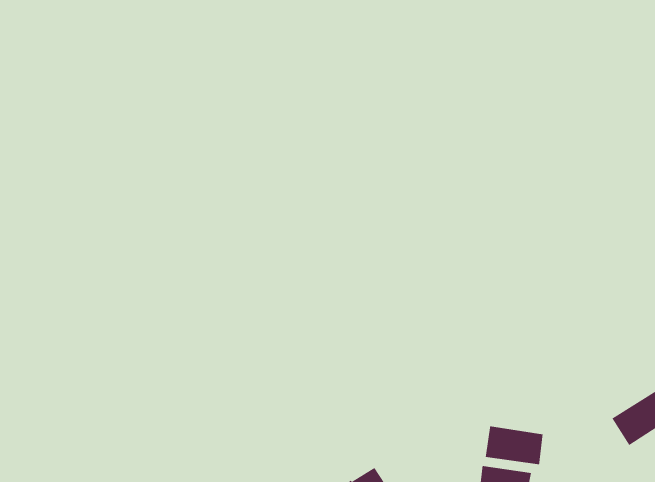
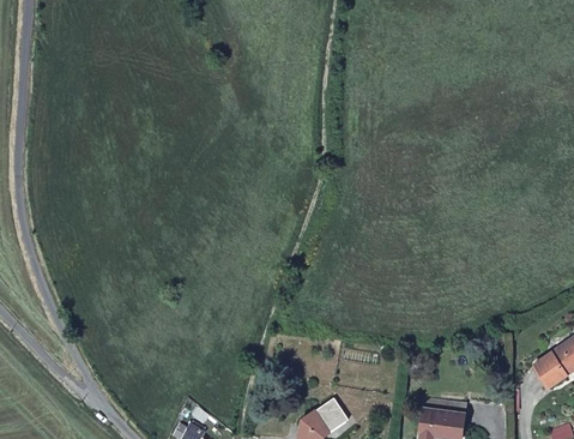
building: [485,425,543,465] -> none

